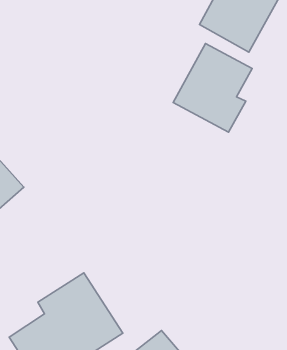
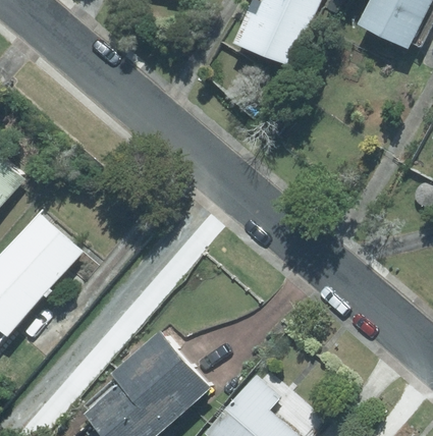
building: [173,43,252,132] -> none

